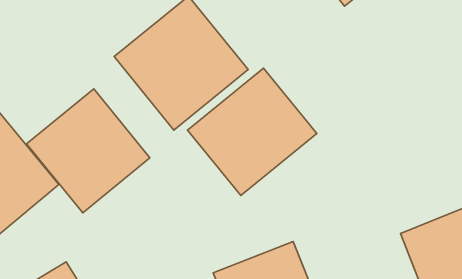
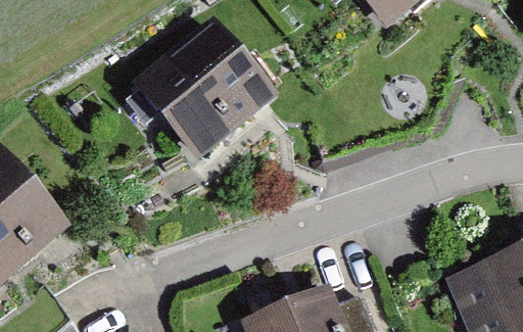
building: [187,68,317,196] -> none
building: [27,89,150,213] -> none

